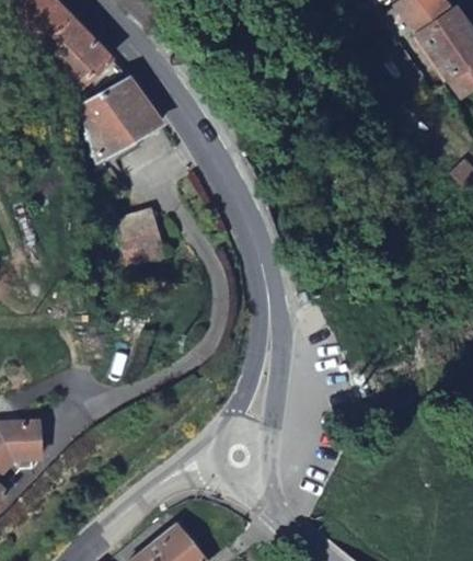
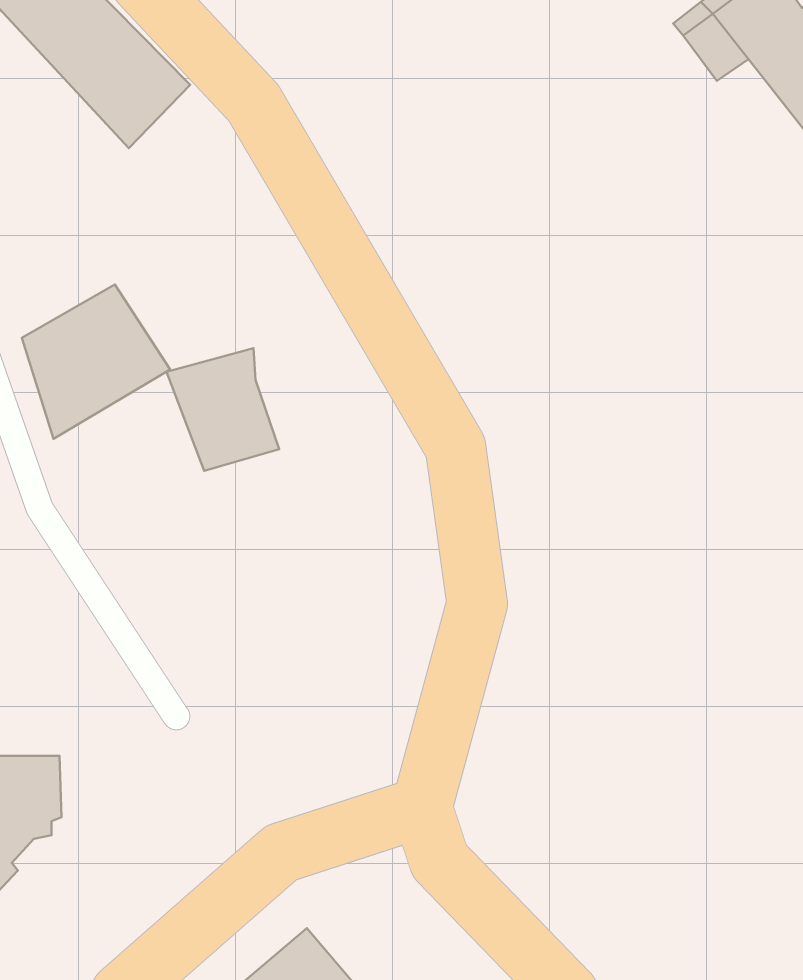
building: [81,75,163,160] -> [22,285,170,439]

